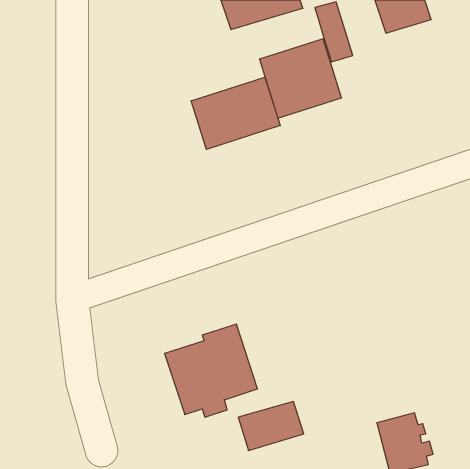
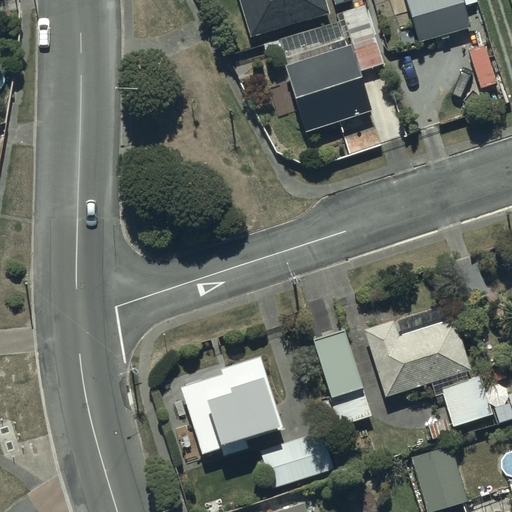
building: [191,77,280,149] -> none
building: none -> [365,305,495,427]
building: none -> [315,330,374,425]

